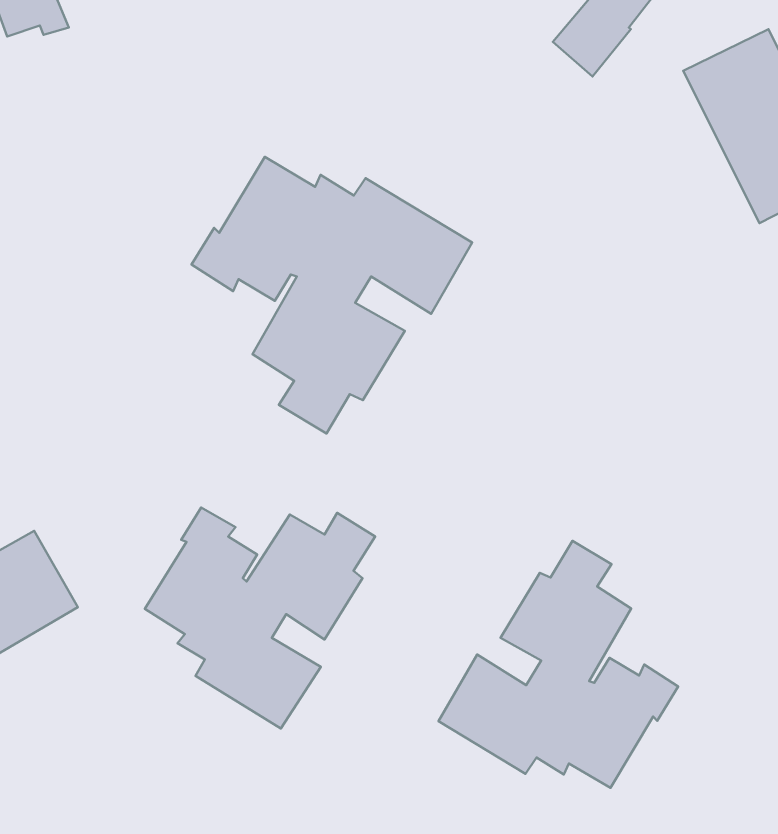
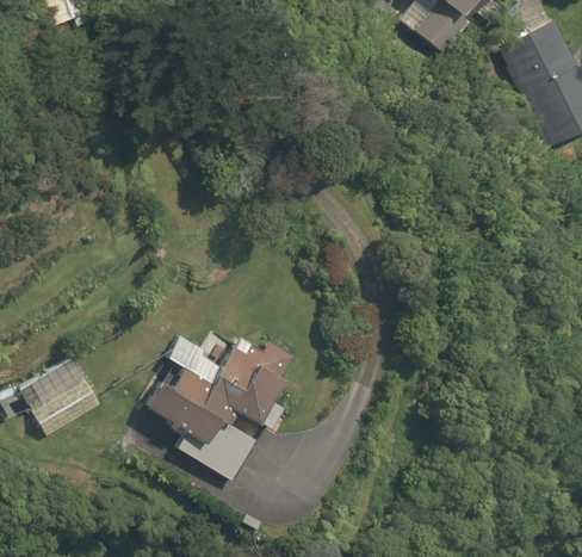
building: [192,157,472,433] -> none
building: [439,541,678,788] -> none

